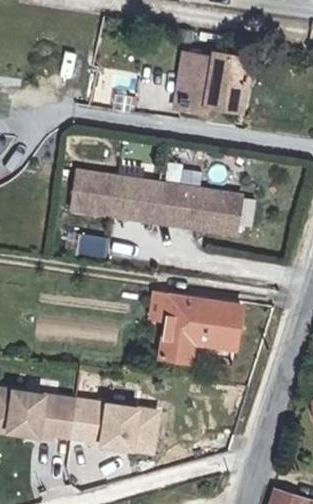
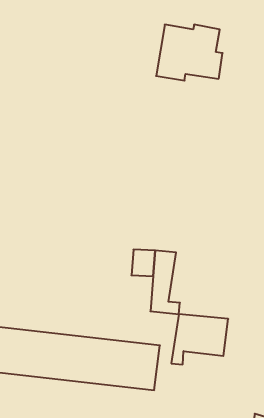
building: [72,180,240,237] -> none
building: [188,302,248,355] -> [171,314,228,364]

